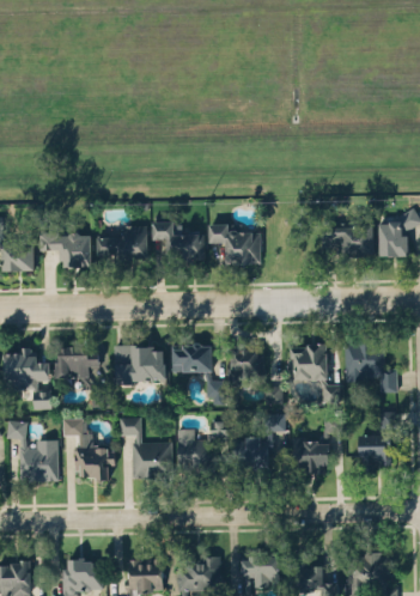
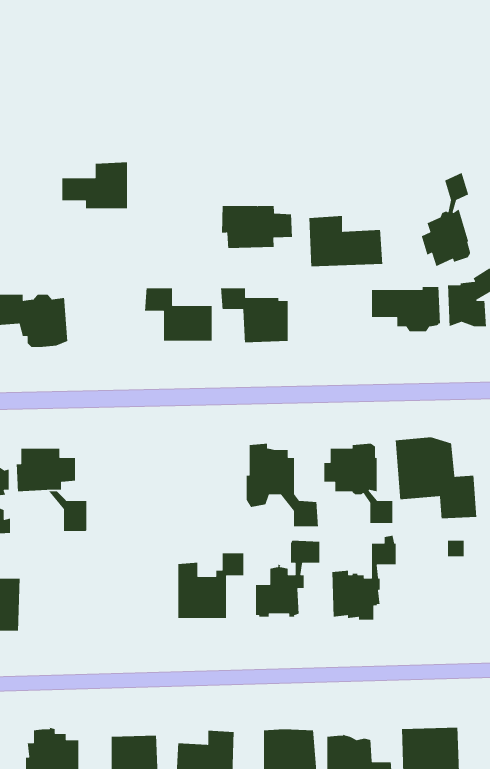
building: none -> [421,172,471,267]
building: none -> [221,205,293,249]
building: none -> [308,215,383,267]
building: [97,227,147,263] -> [61,162,128,209]
building: [114,339,168,384] -> none
building: [172,348,212,375] -> none
building: [62,420,115,481] -> none
building: [120,420,171,481] -> none
building: [360,433,392,473] -> none

